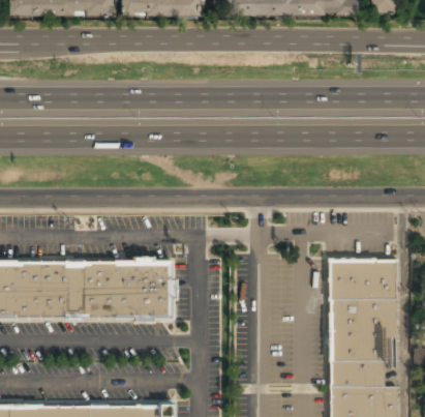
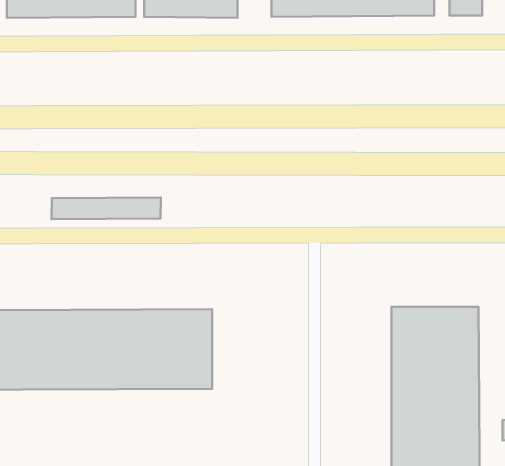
building: none -> [51,198,161,219]

